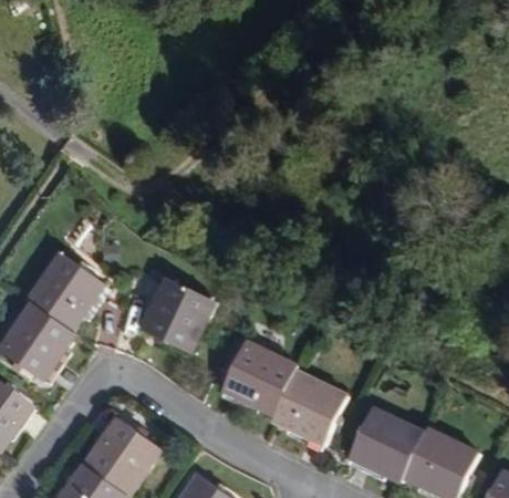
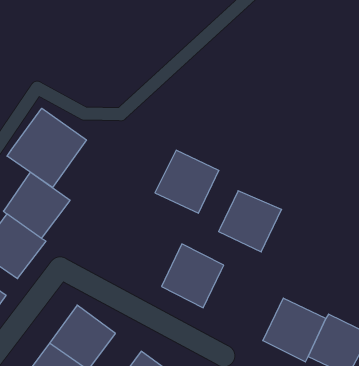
building: none -> [7,108,86,187]
building: [137,278,217,356] -> [155,150,219,213]
building: [271,373,350,449] -> [219,191,282,252]

